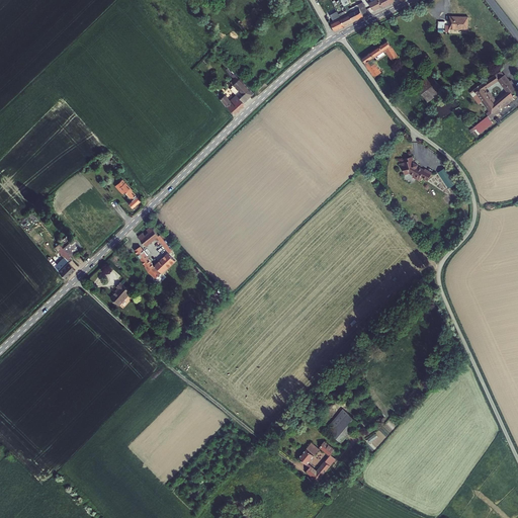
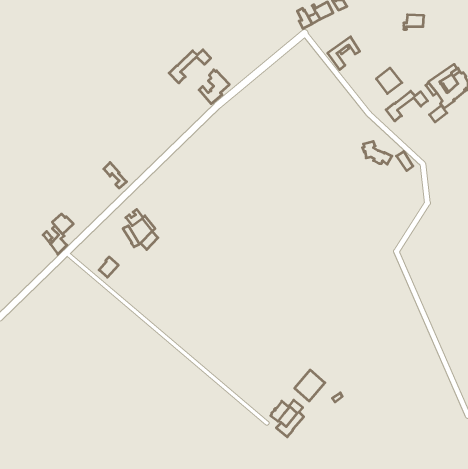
building: none -> [169,50,211,83]
building: none -> [386,91,428,121]

